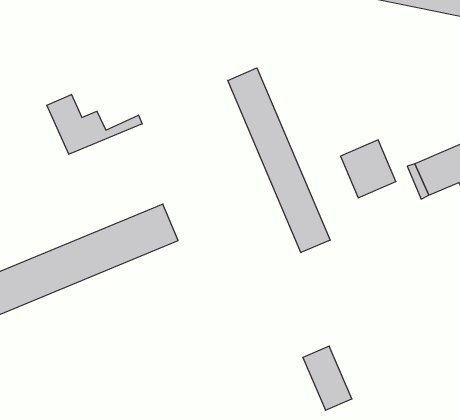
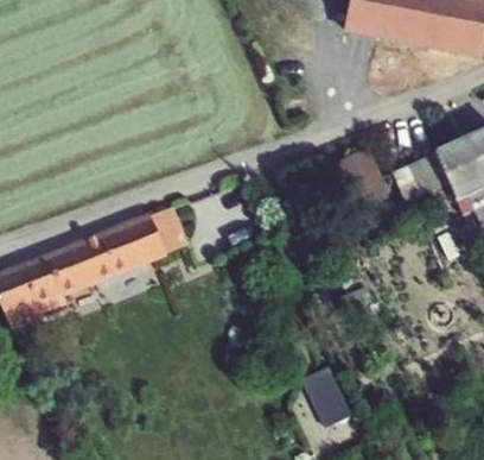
building: [228,68,330,253] -> none
building: [47,94,142,154] -> none

